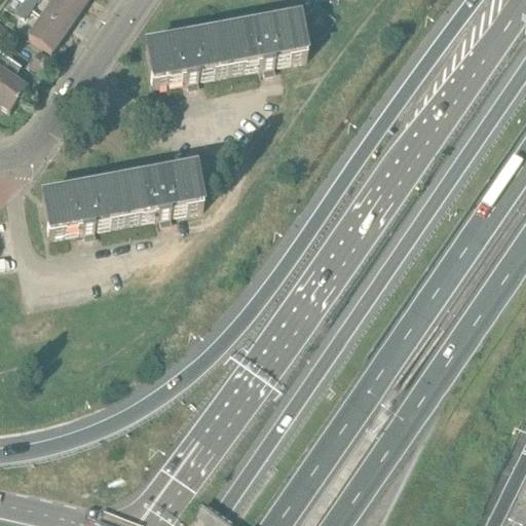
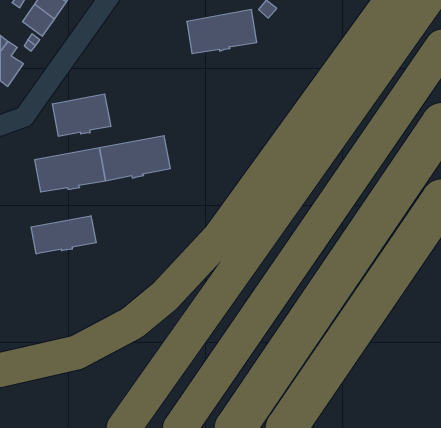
building: [146,26,229,78] -> none
building: none -> [52,94,111,136]
building: none -> [31,216,96,254]

